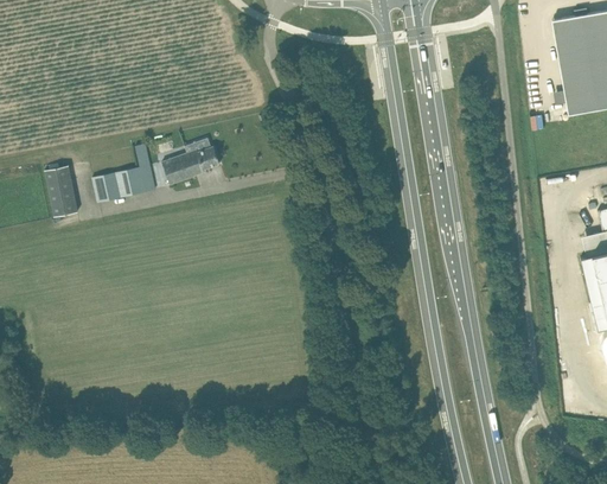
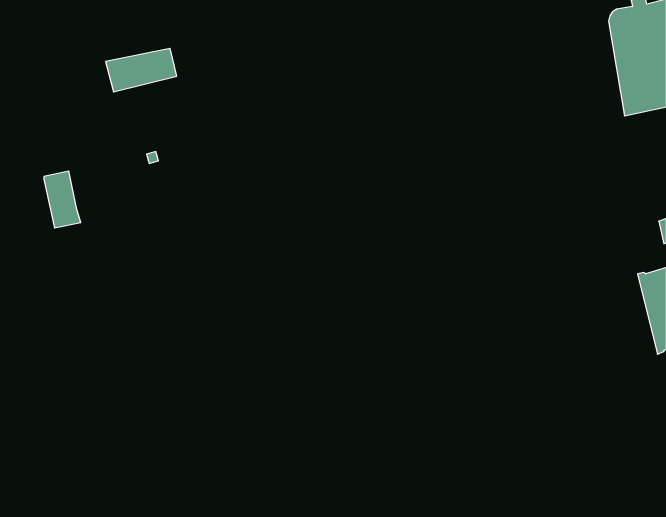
building: [164,145,219,183] -> none
building: [91,164,155,203] -> [106,48,177,92]

